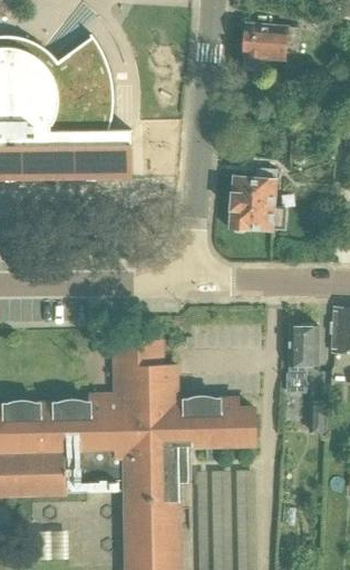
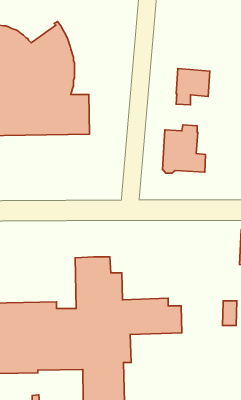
building: [243,22,288,70] -> [176,69,210,105]
building: [281,325,319,429] -> none

